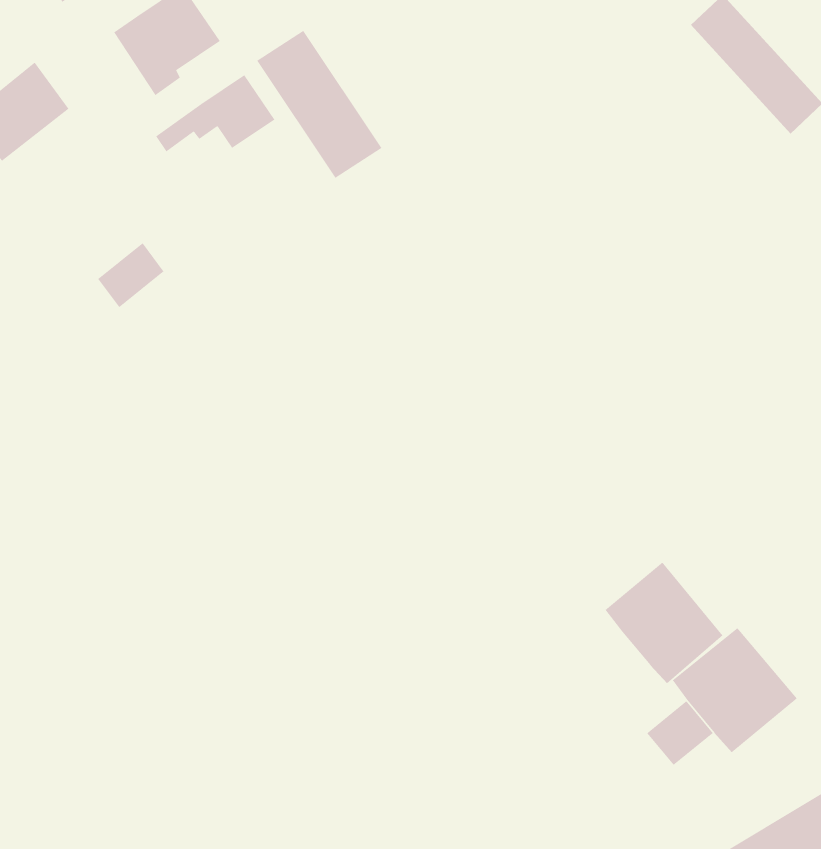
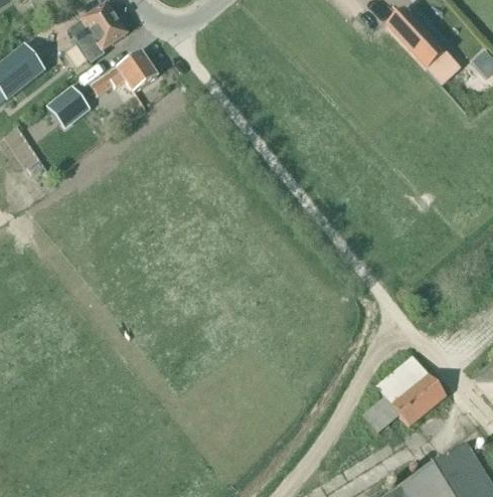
building: [256,30,382,179] -> none
building: [97,242,165,308] -> [47,85,85,121]
building: [604,561,723,684] -> none

